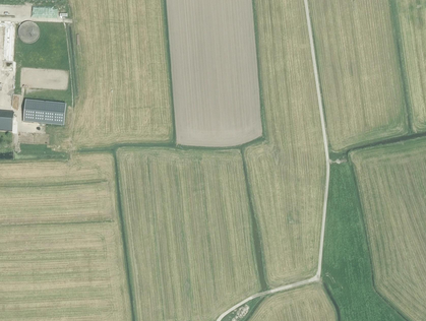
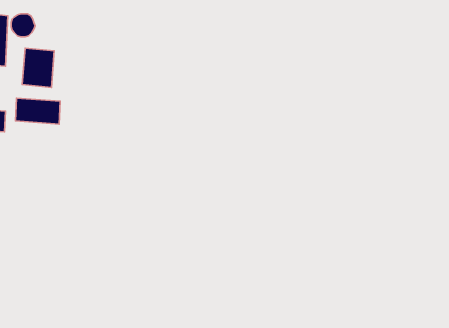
building: none -> [22,48,54,87]

